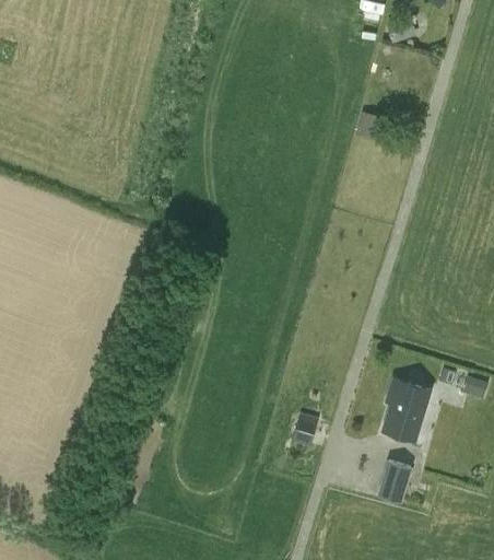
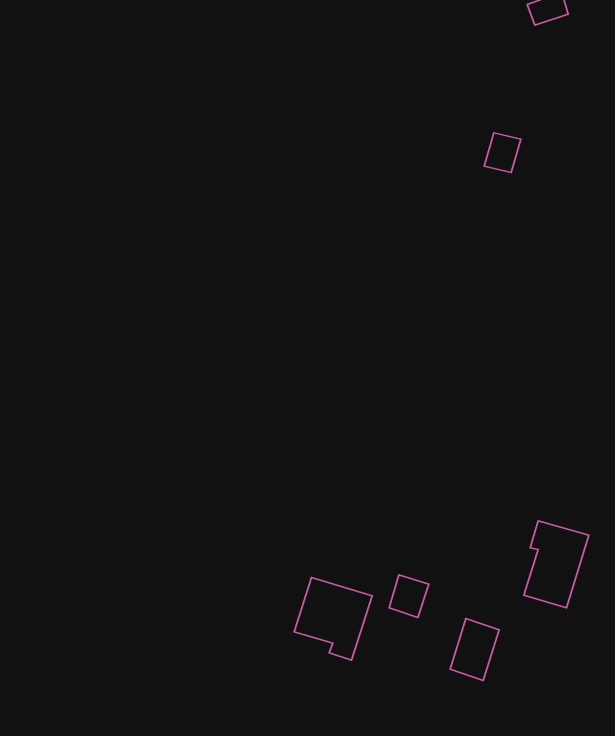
building: none -> [294,577,372,660]
building: [378,459,412,502] -> [450,619,499,680]

